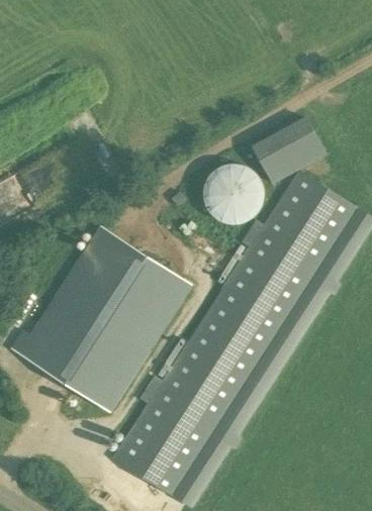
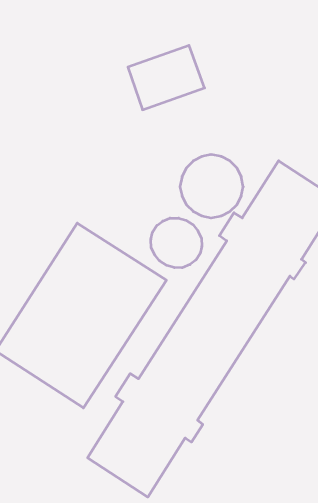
building: [248,118,322,181] -> [128,45,205,110]
building: none -> [151,218,202,268]

